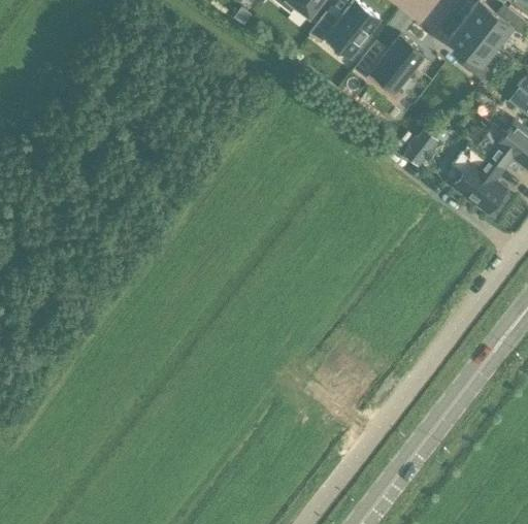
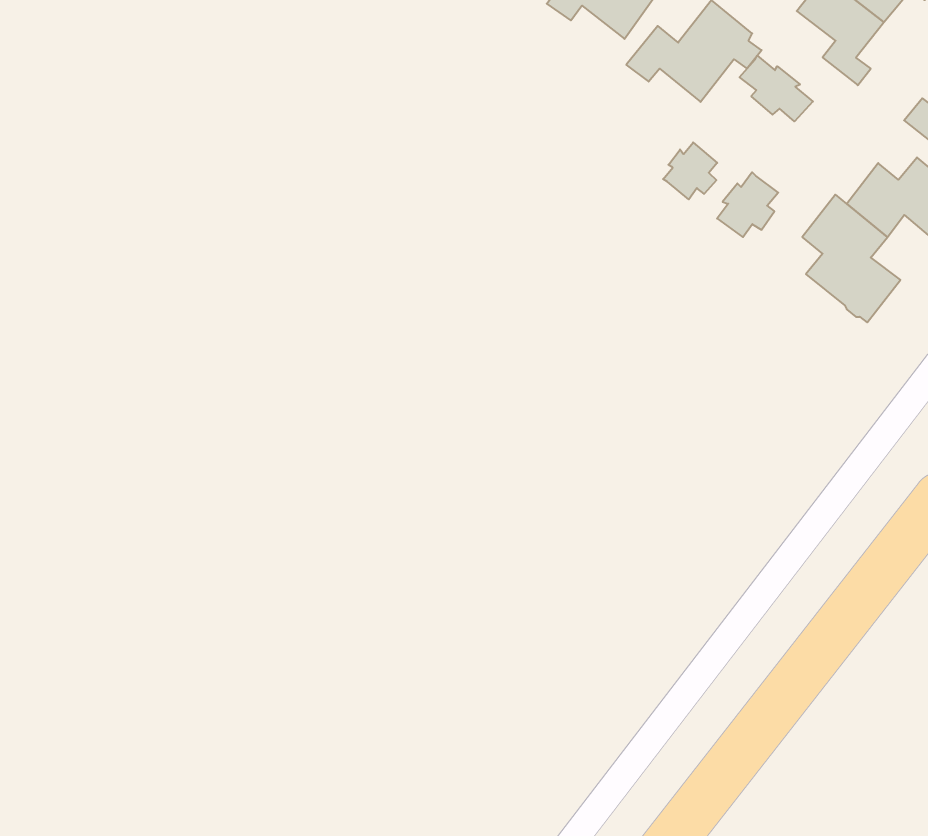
building: none -> [740,55,813,121]
building: none -> [663,142,717,199]

